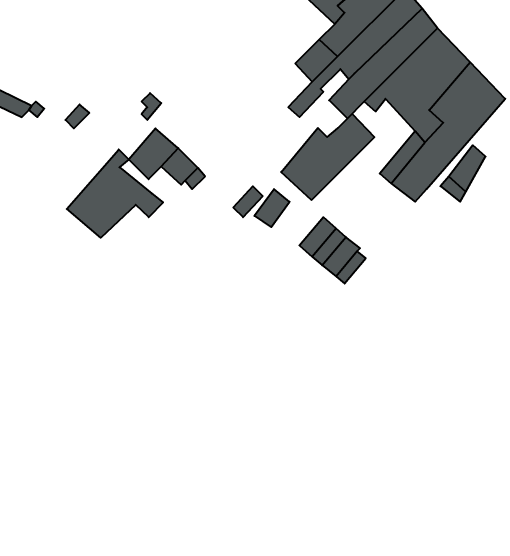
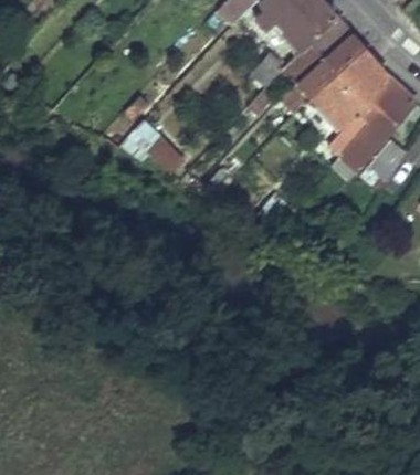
building: [281,114,374,200] -> none
building: [67,149,163,238] -> none

